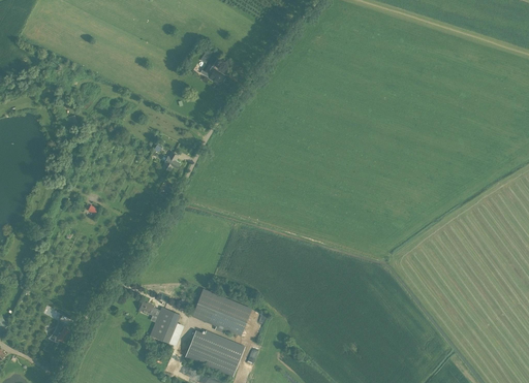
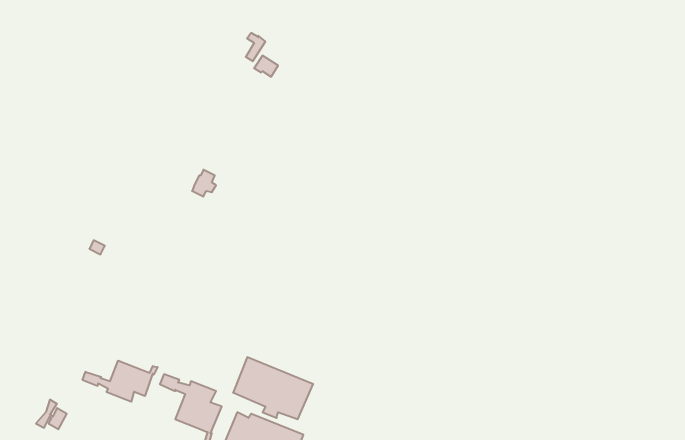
building: none -> [83,361,158,402]

